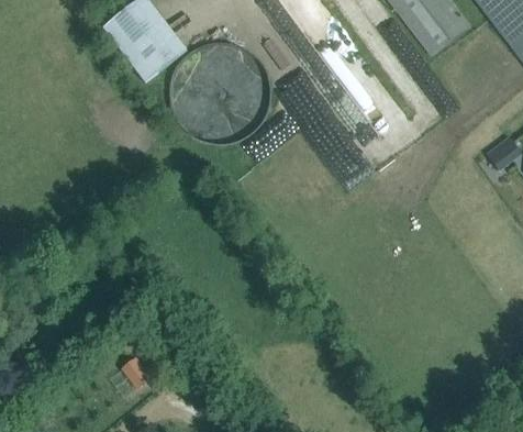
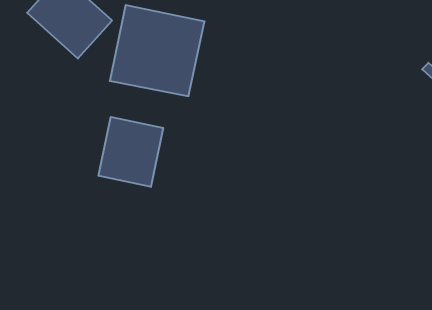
building: none -> [99,117,163,187]

